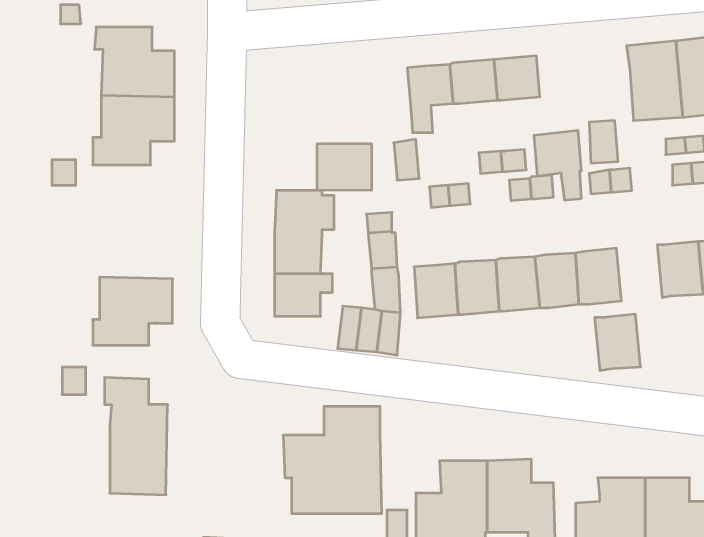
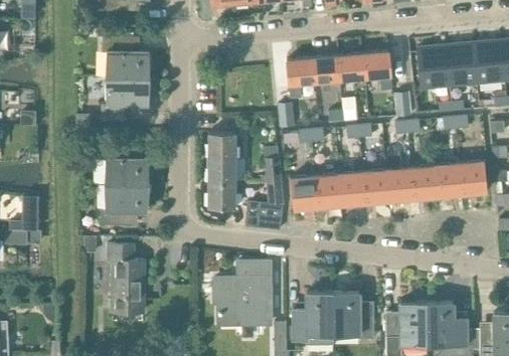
building: [534,130,581,200] -> [363,50,391,92]
building: [317,144,371,190] -> none
building: none -> [102,144,148,185]
building: [595,314,641,370] -> [410,165,438,198]

